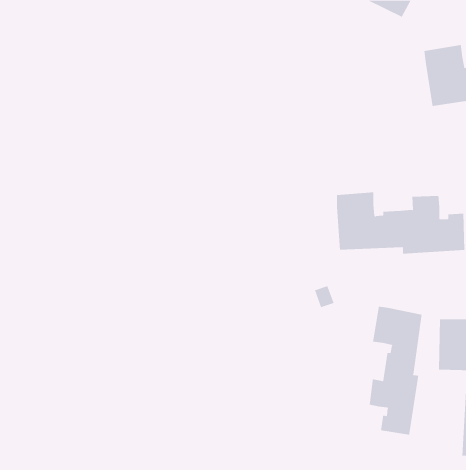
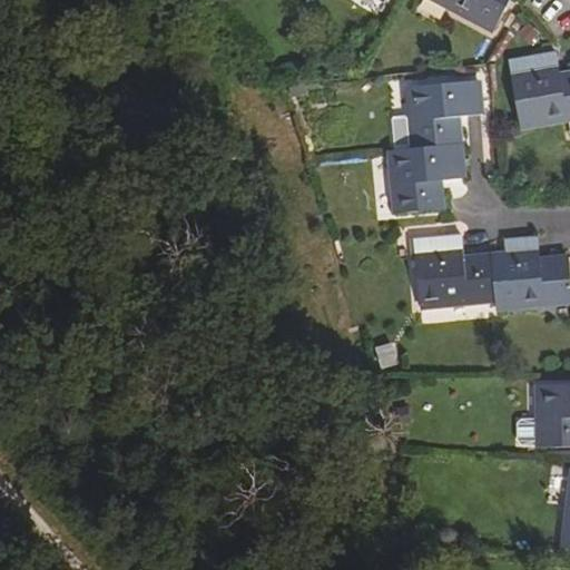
building: none -> [389,79,481,210]
building: [369,306,422,436] -> none

